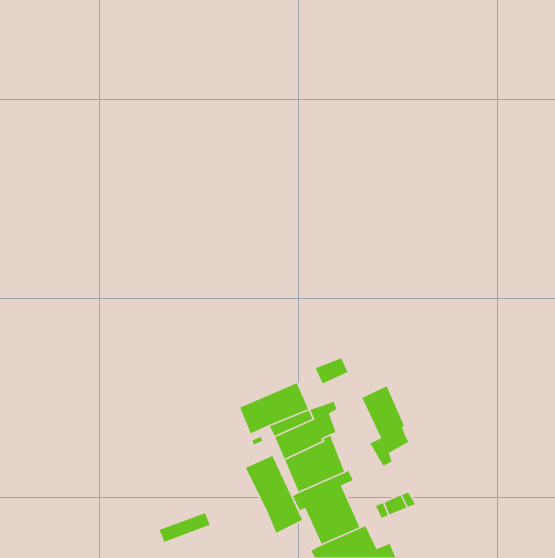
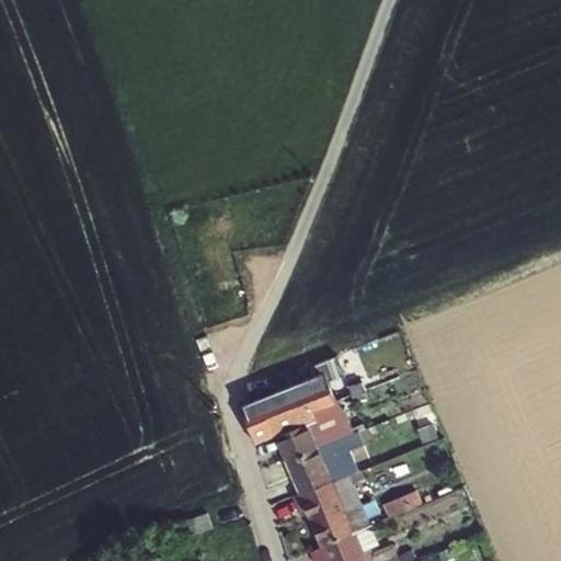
building: [361,385,409,467] -> none
building: [245,455,303,534] -> none

